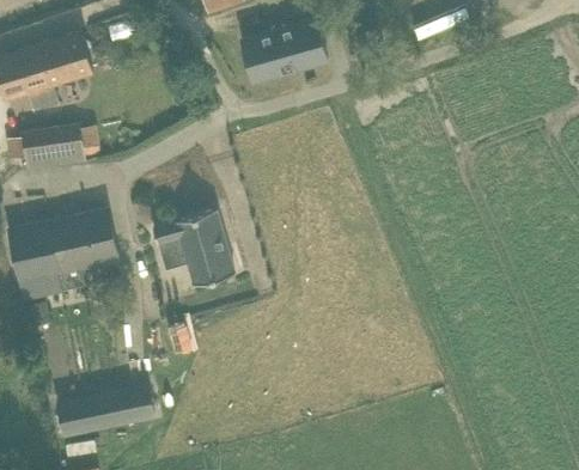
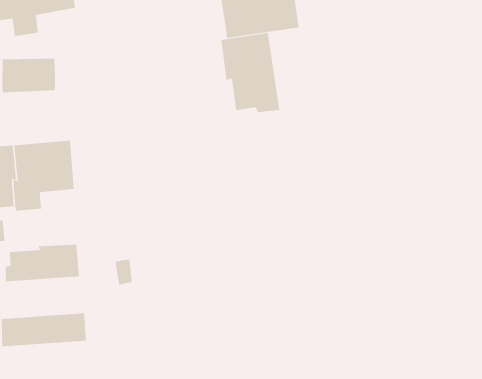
building: none -> [221,32,280,113]
building: [152,209,234,286] -> none
building: none -> [5,244,79,282]

